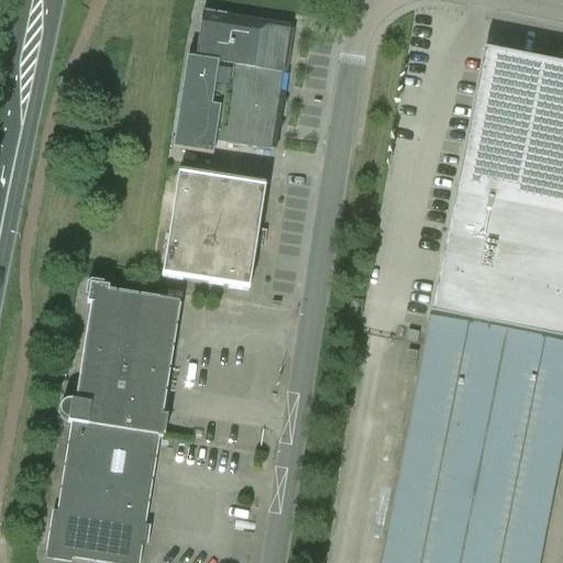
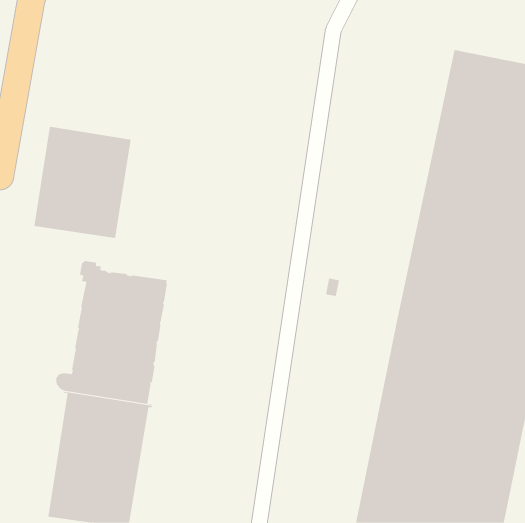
building: [173,11,290,153] -> none
building: [162,168,266,288] -> [34,126,131,238]

